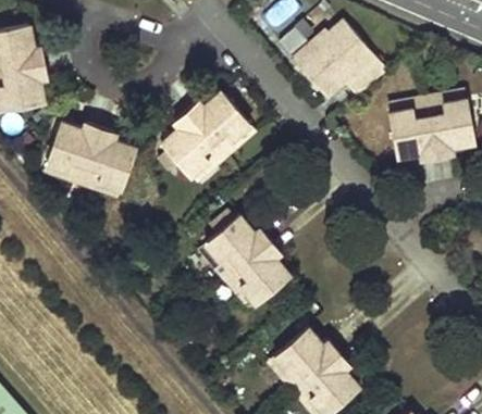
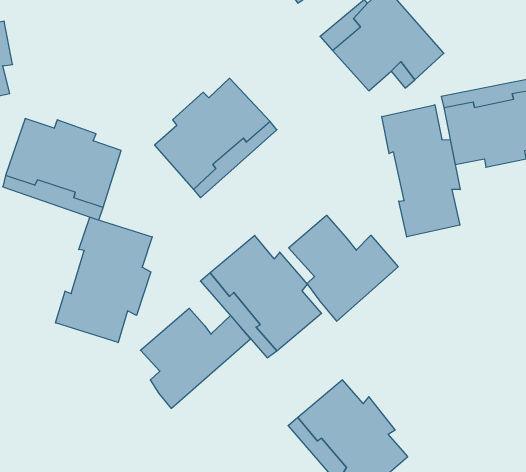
building: none -> [382,105,460,237]
building: none -> [289,215,398,321]
building: none -> [56,217,152,343]
building: none -> [140,308,250,408]

